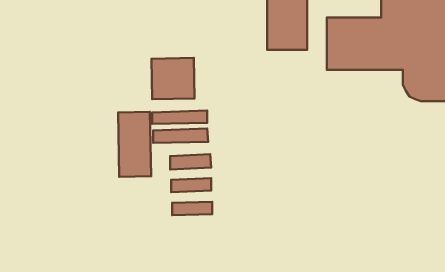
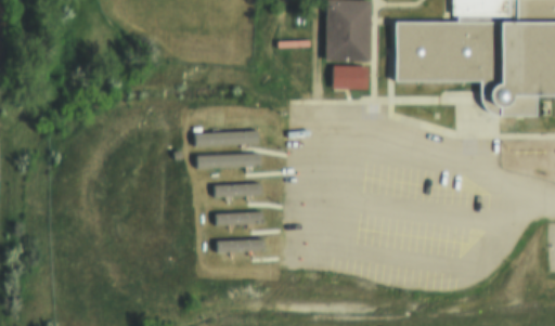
building: none -> [333,65,369,90]
building: [151,58,194,99] -> none
building: [118,112,151,177] -> none

